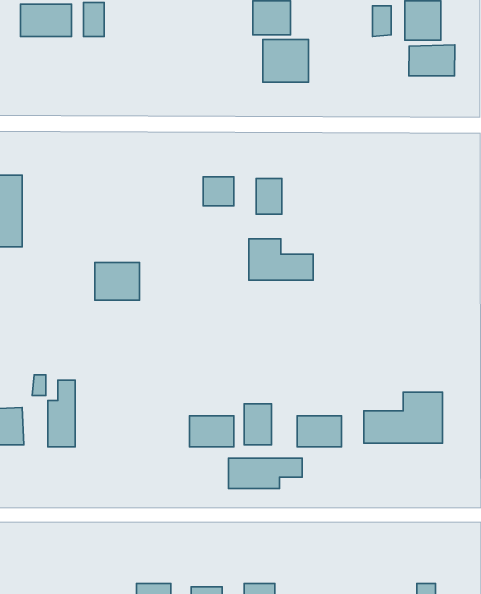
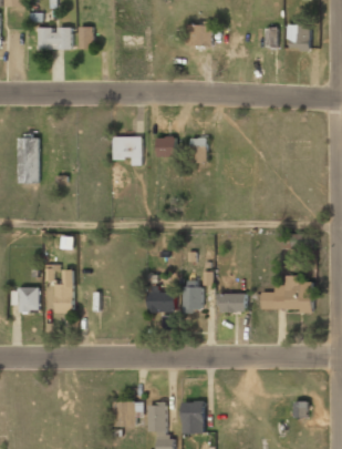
building: [263,39,309,82] -> none
building: [409,45,455,76] -> none
building: [249,239,313,280] -> none
building: [95,262,139,300] -> [113,136,142,161]
building: [229,458,302,489] -> none

